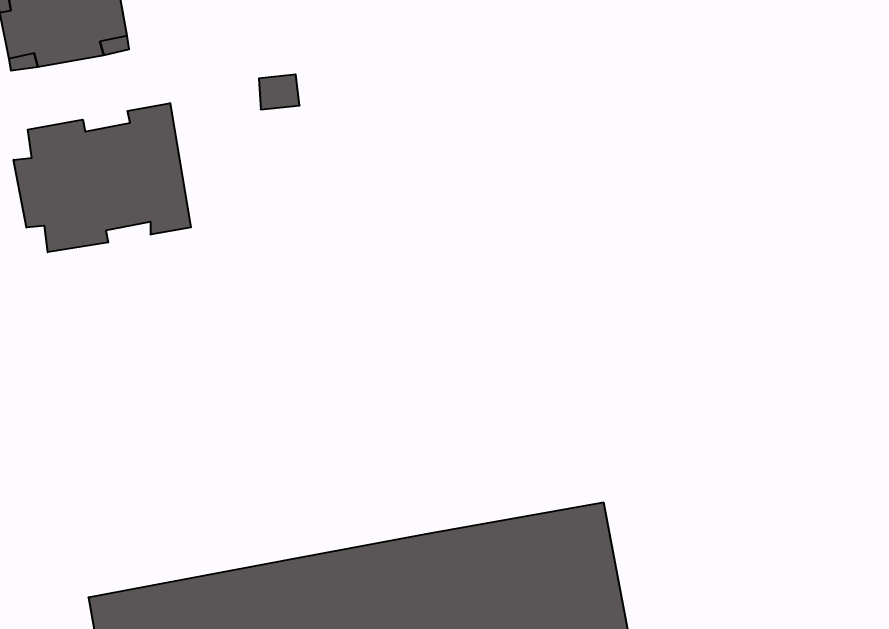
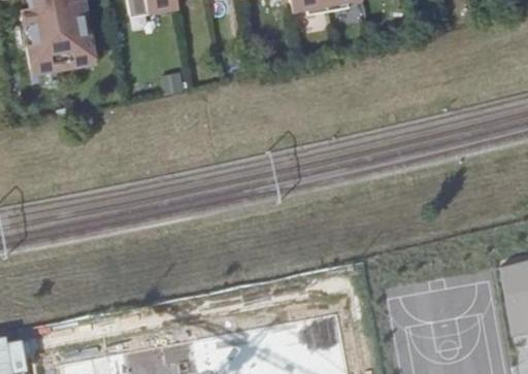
building: [14,103,191,252] -> none

